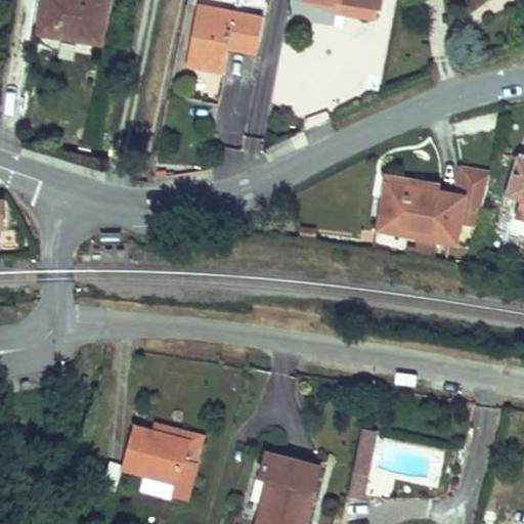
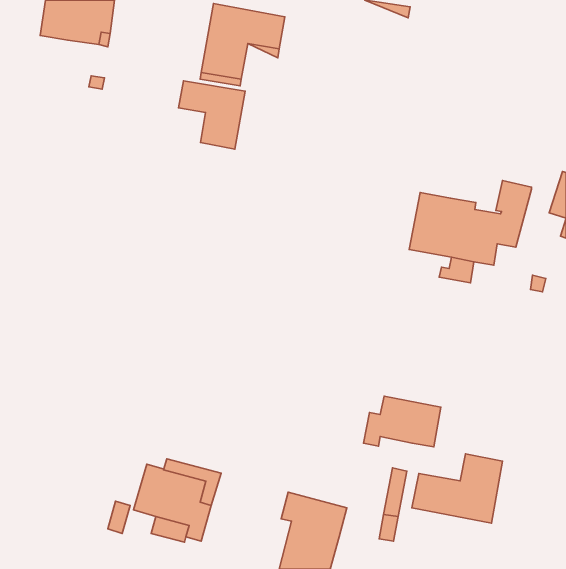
building: none -> [178,81,245,149]
building: none -> [363,396,441,447]
building: none -> [412,454,503,523]

